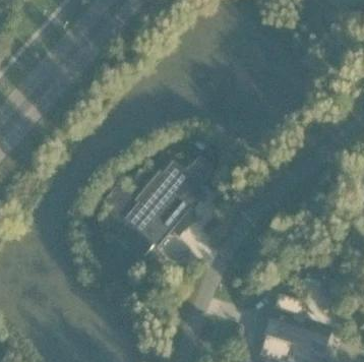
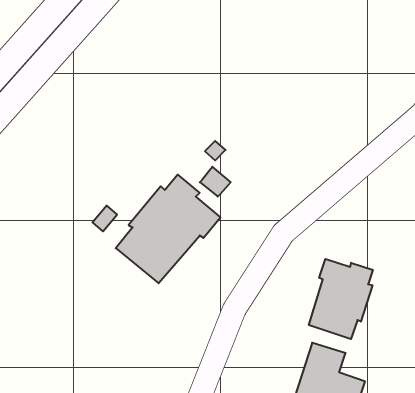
building: none -> [309,259,373,339]

